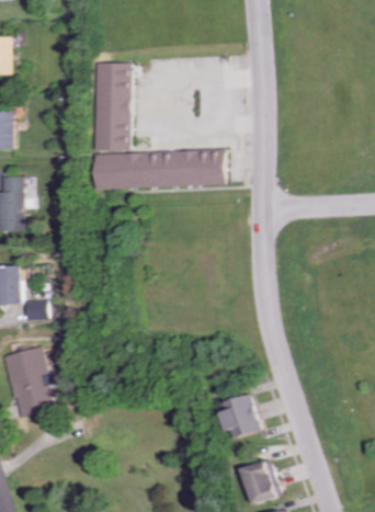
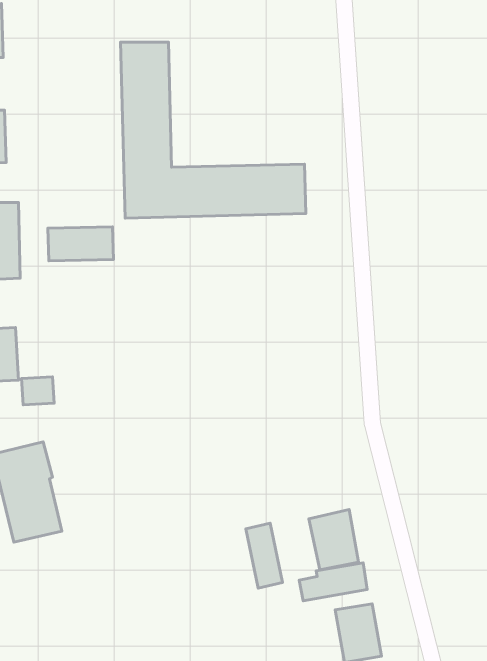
building: none -> [48,227,113,261]
building: none -> [246,523,283,588]
building: none -> [299,563,367,601]

